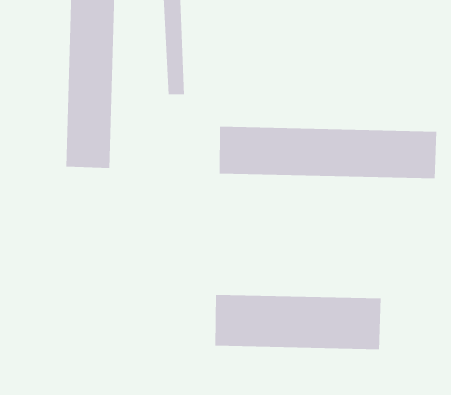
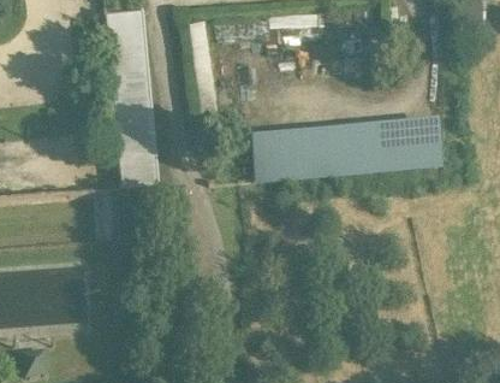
building: [215,294,381,350] -> none

